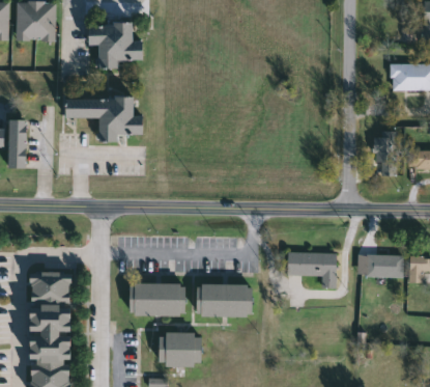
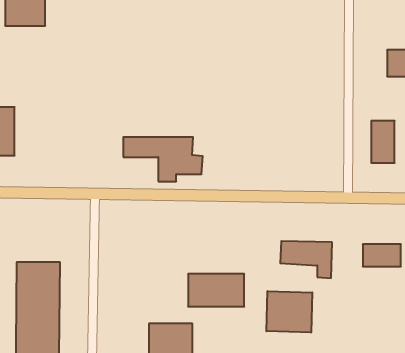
building: [87,23,142,68] -> none
building: [64,98,142,141] -> [123,137,203,181]
building: [128,283,184,316] -> none
building: none -> [266,291,312,333]

